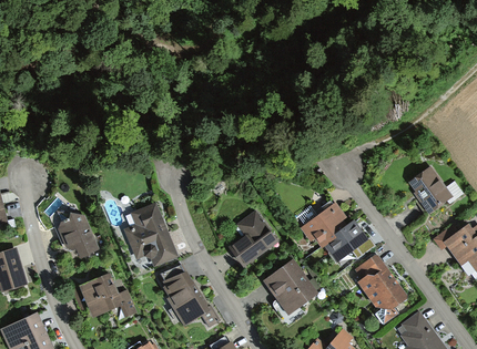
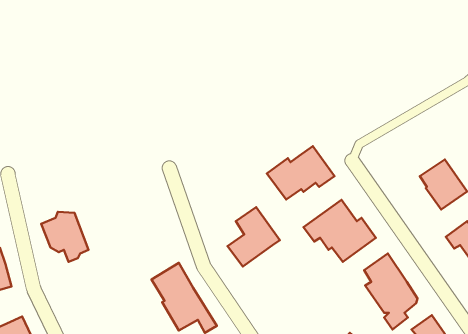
building: none -> [267,146,335,200]
building: [125,204,176,266] -> none
building: [265,261,316,312] -> none
building: [79,271,138,318] -> none

